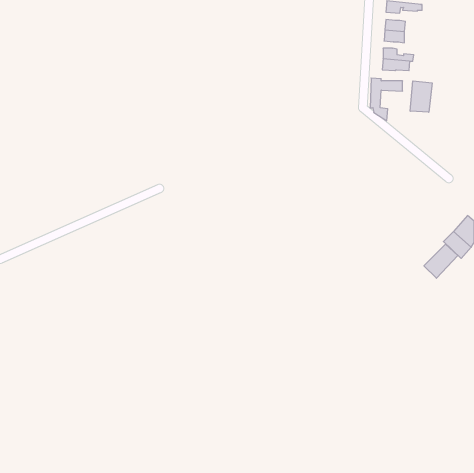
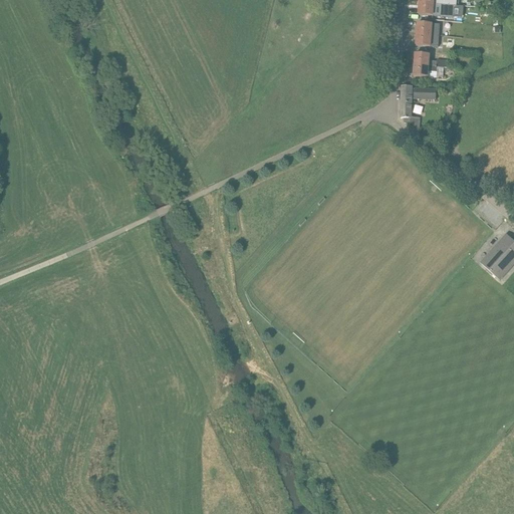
building: [410,81,432,112] -> none
building: [424,244,458,278] -> none

